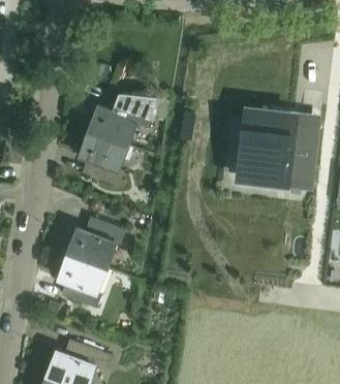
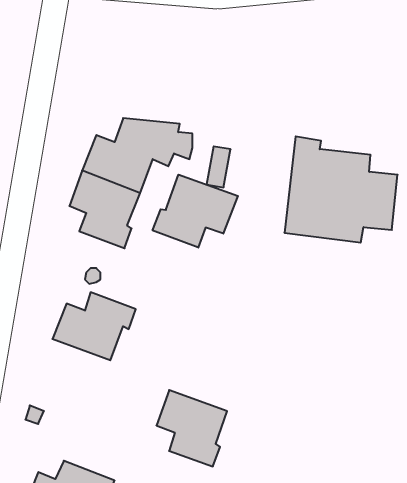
building: none -> [153,175,238,248]
building: [56,253,107,309] -> [156,390,227,466]

